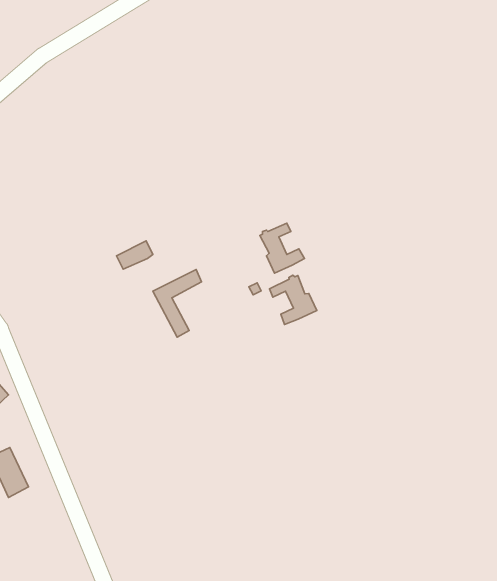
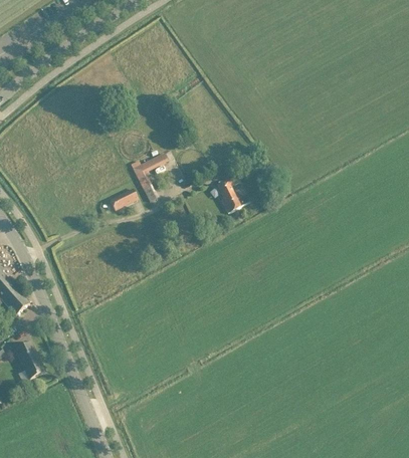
building: [153,270,201,337] -> [131,153,167,203]
building: [270,275,317,324] -> none

